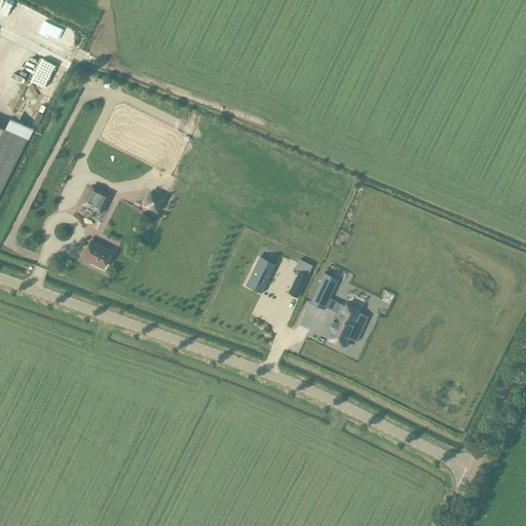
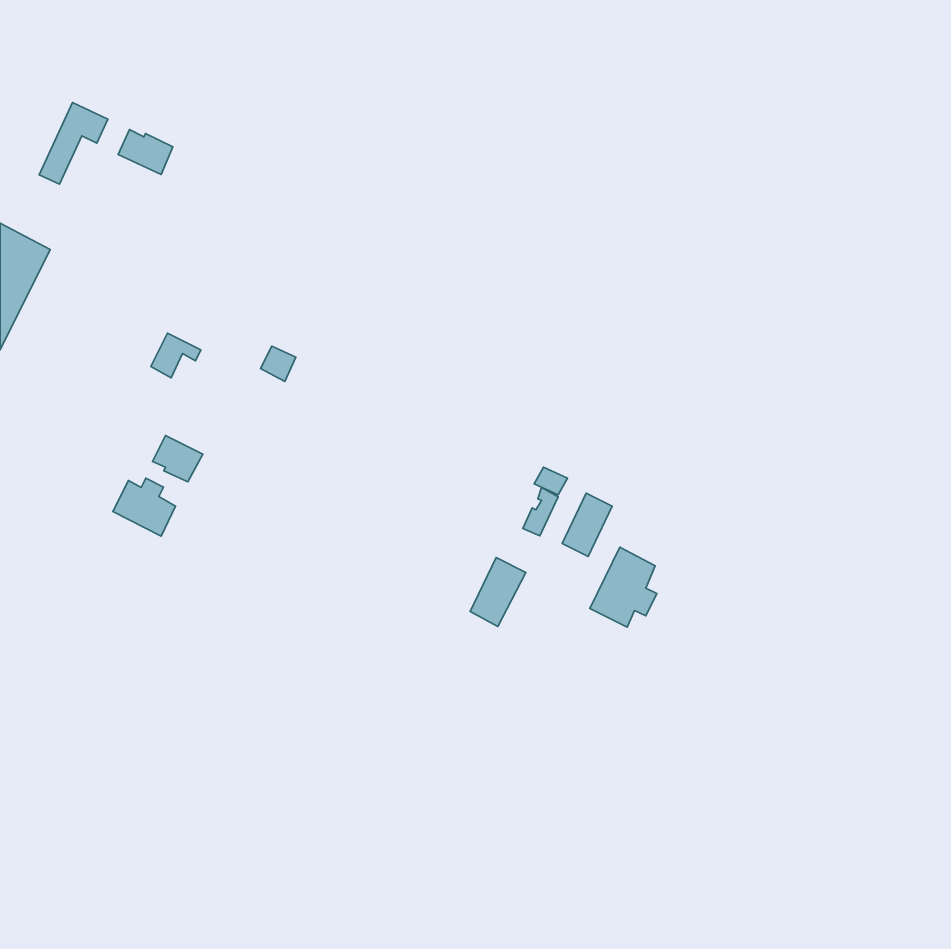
building: none -> [118,129,173,174]
building: [246,257,276,295] -> [470,558,526,626]
building: none -> [113,478,175,536]

